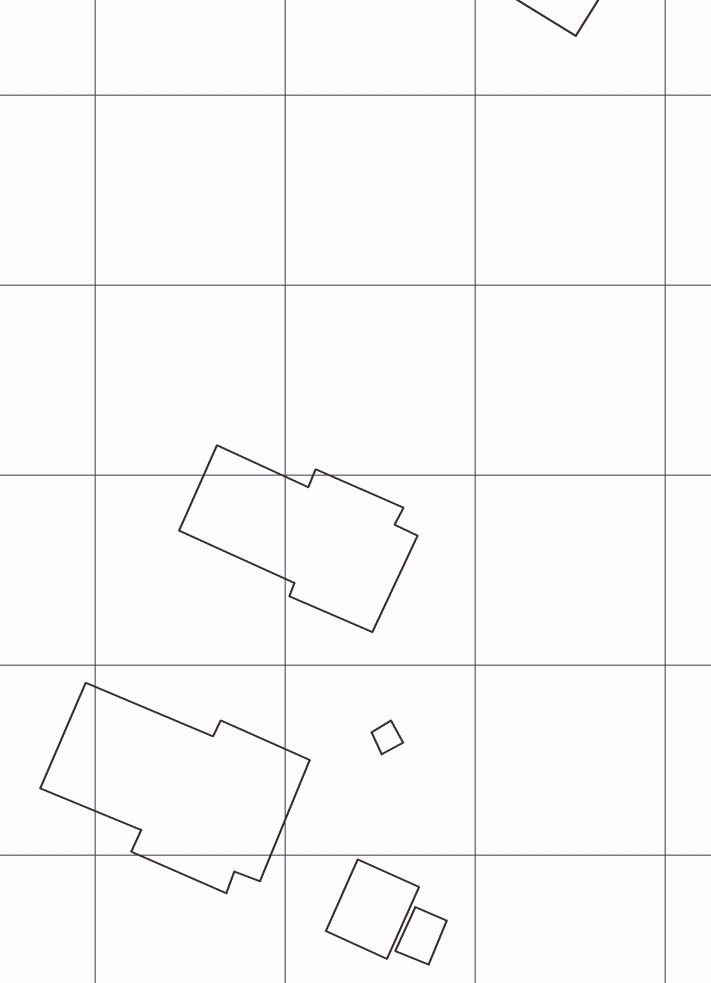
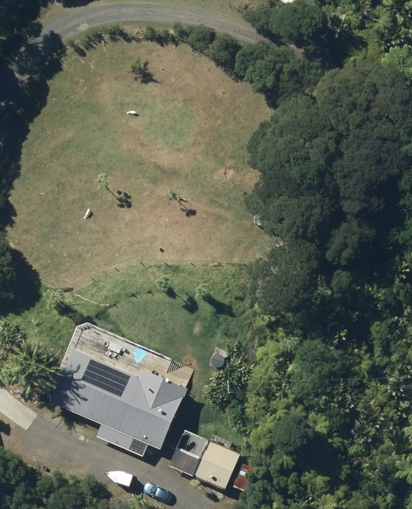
building: [179,445,417,632] -> none

